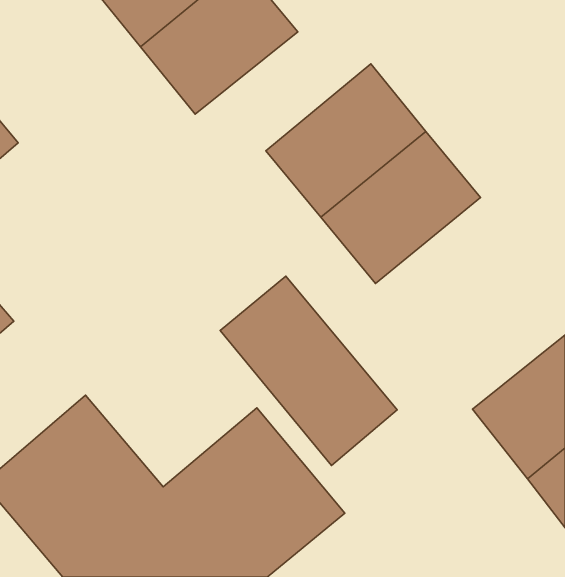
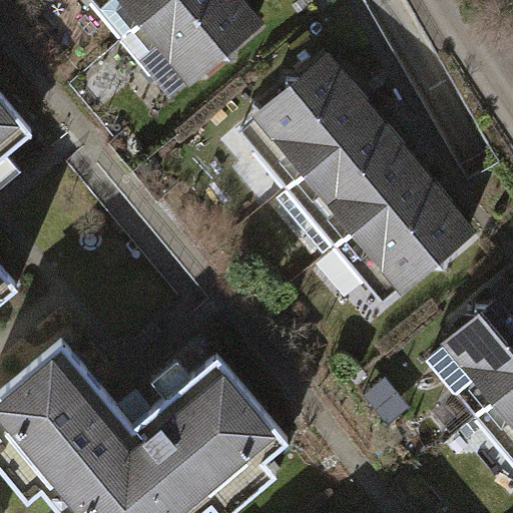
building: none -> [330,173,470,308]
building: [220,276,397,465] -> none

